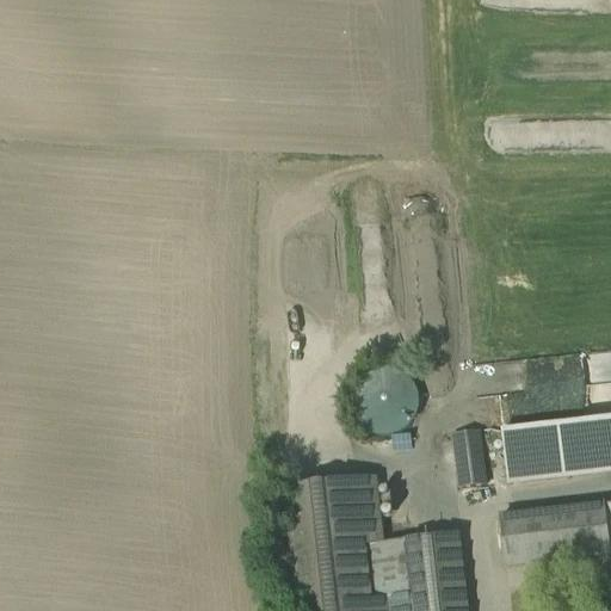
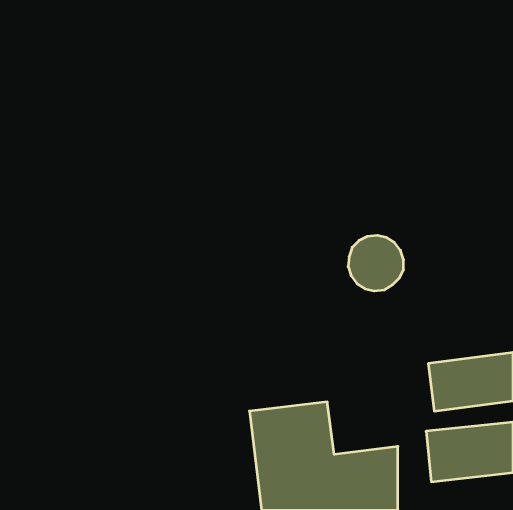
building: [353,366,419,432] -> [348,235,404,291]
building: [451,428,486,488] -> none

